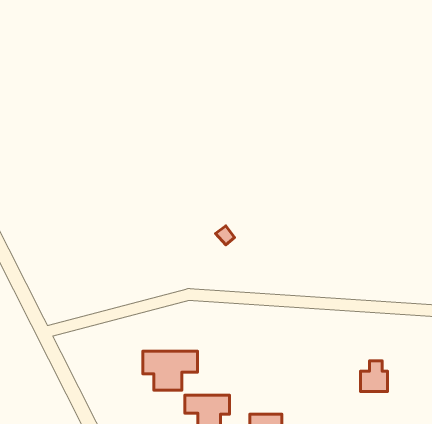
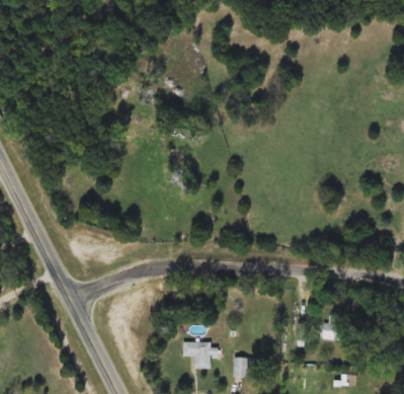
building: [143,351,198,390] -> none

